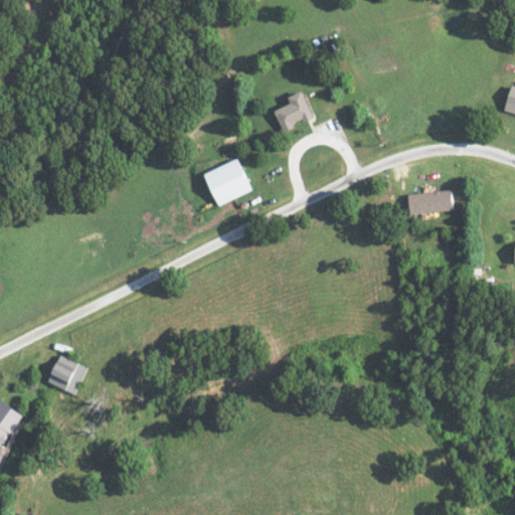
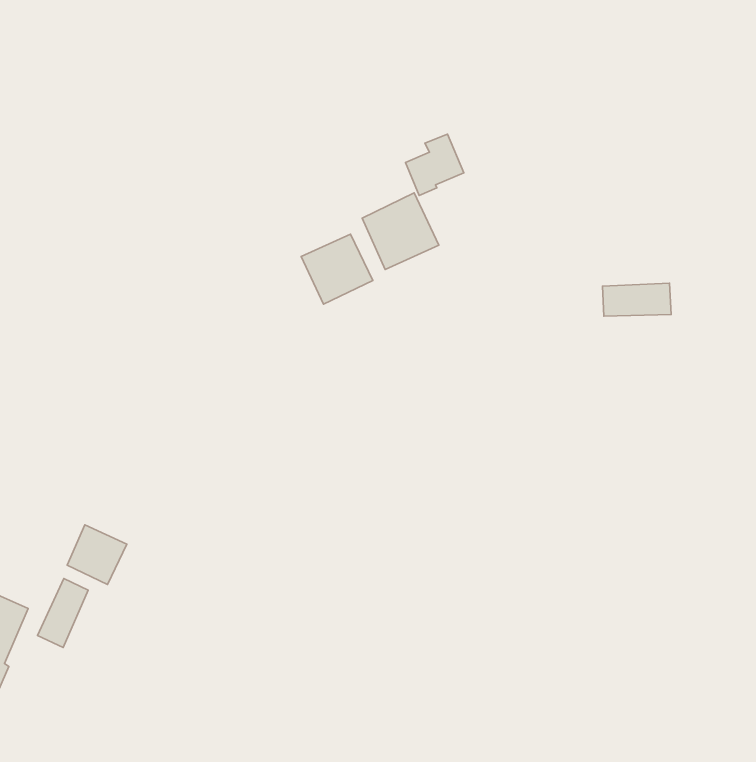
building: none -> [362,193,439,269]
building: none -> [38,579,88,647]

